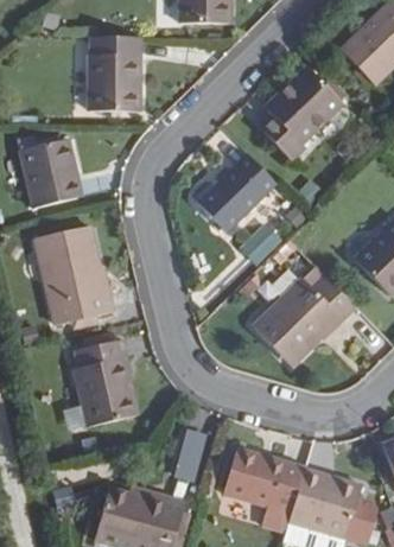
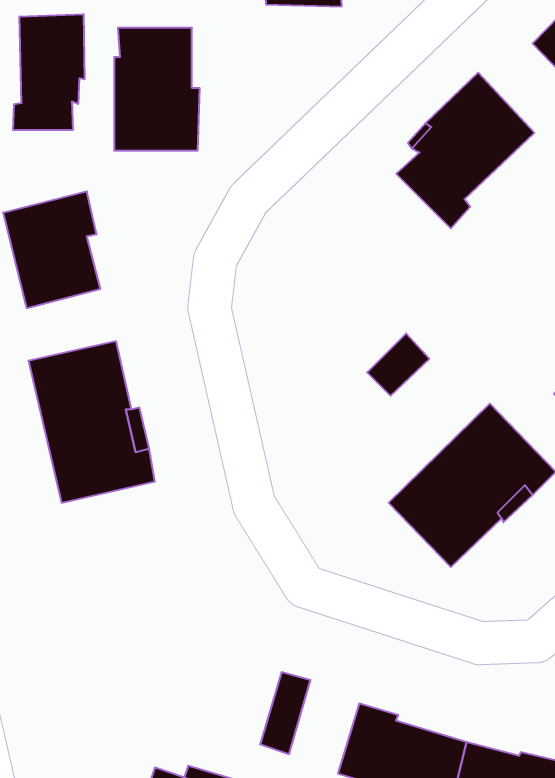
building: none -> [13,14,85,130]
building: [193,152,275,230] -> none
building: [74,339,136,426] -> none

